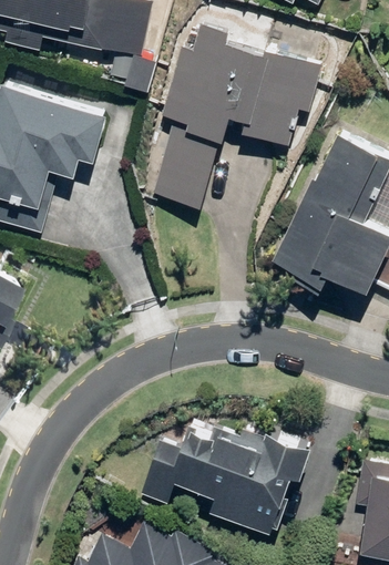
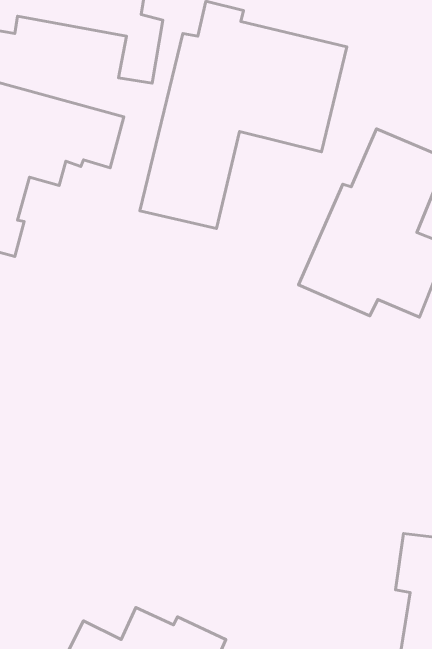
building: [144,421,313,532] -> none

